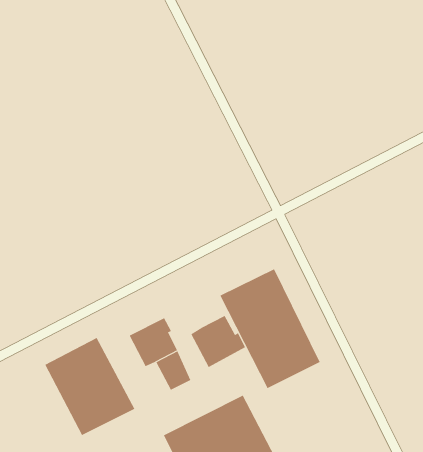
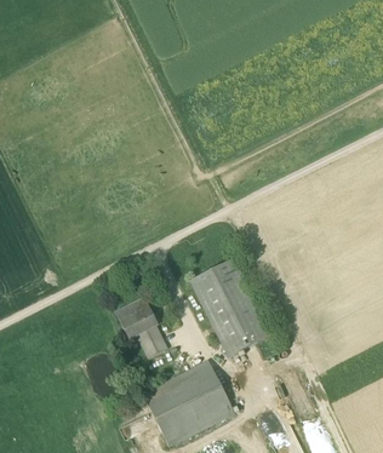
building: [191,315,246,368] -> none
building: [44,337,135,436] -> none

